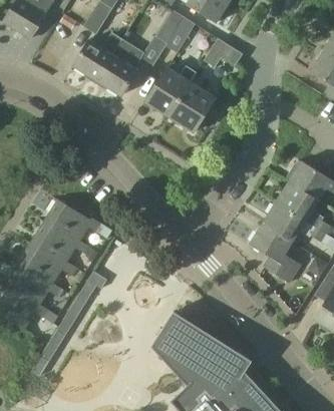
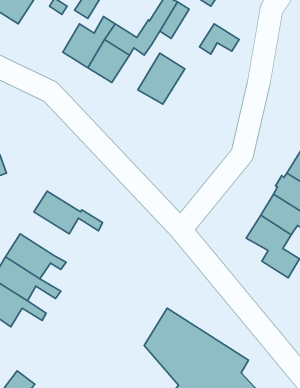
building: [170,81,216,131] -> none
building: [32,219,89,261] -> none
building: [31,270,108,376] -> none

